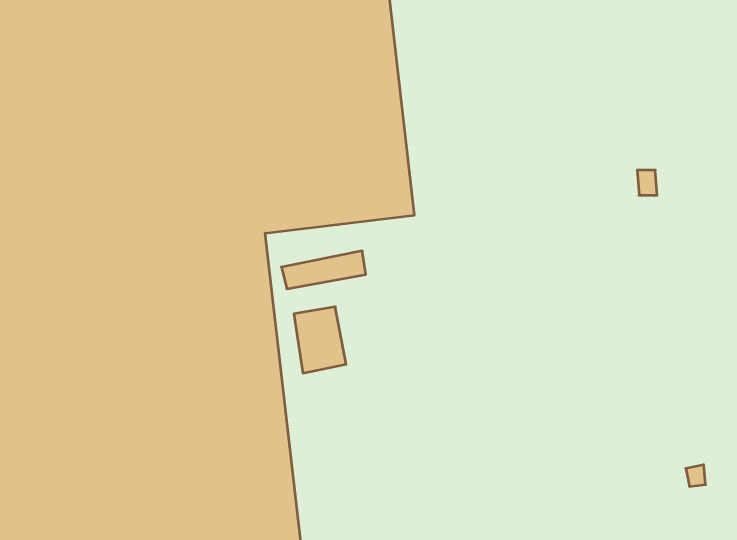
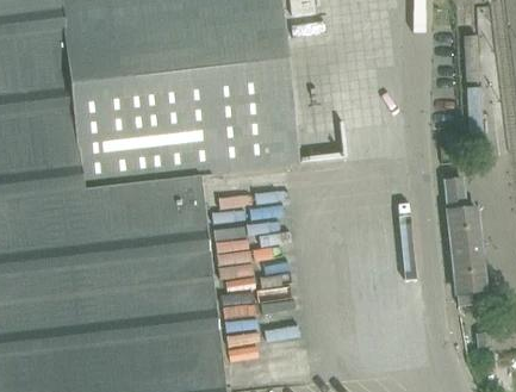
building: none -> [444,180,485,306]

